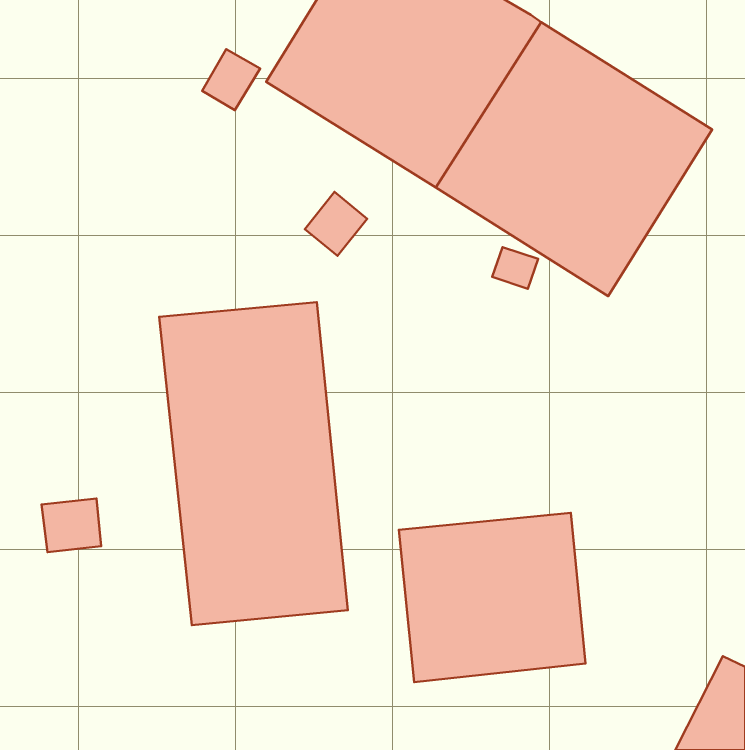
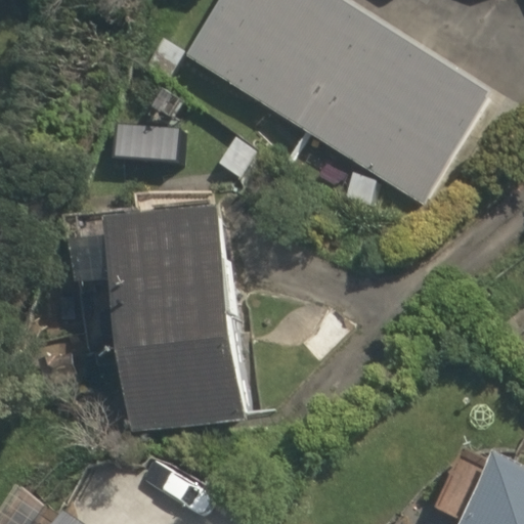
building: [399,513,586,682] -> none

